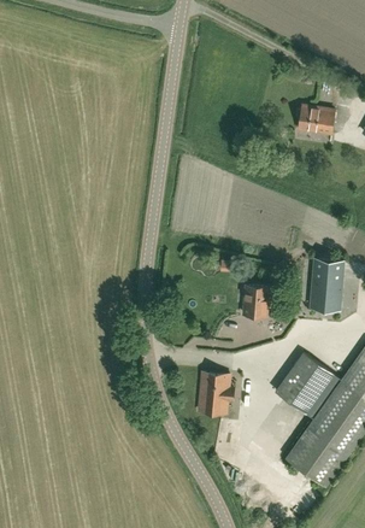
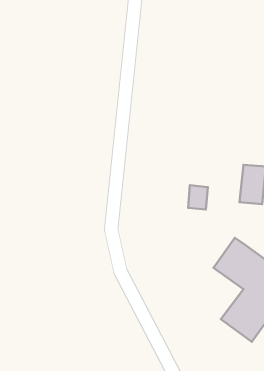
building: [295,106,334,135] -> none
building: [198,374,231,413] -> none

